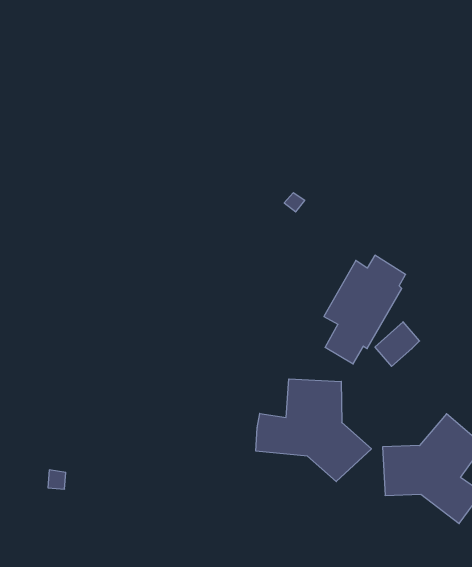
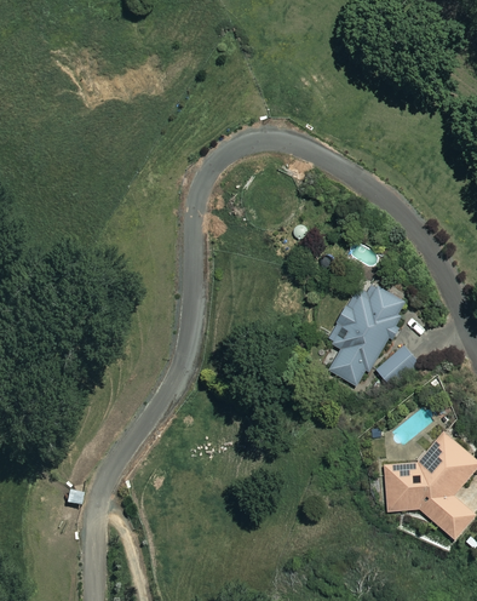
building: [256,379,371,482] -> none

